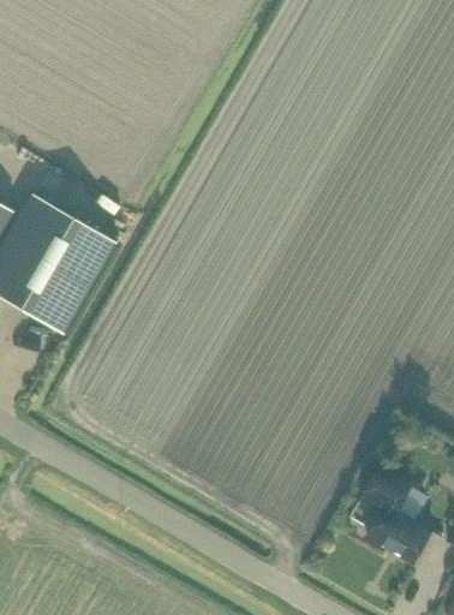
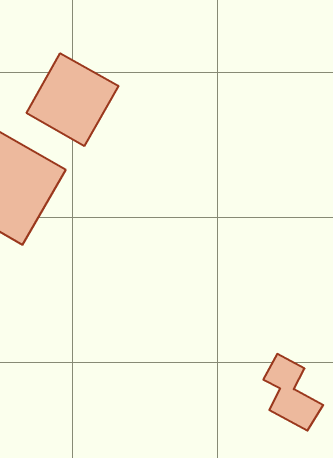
building: none -> [27,53,118,146]

